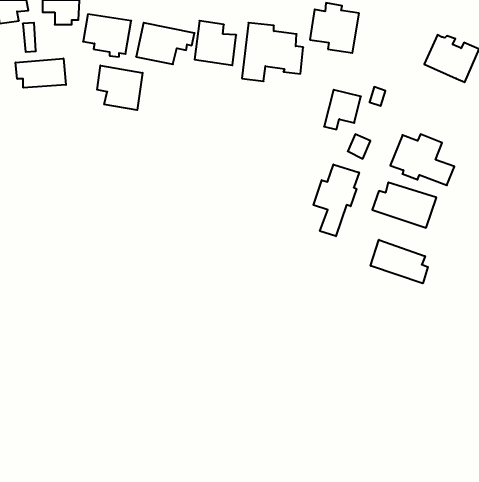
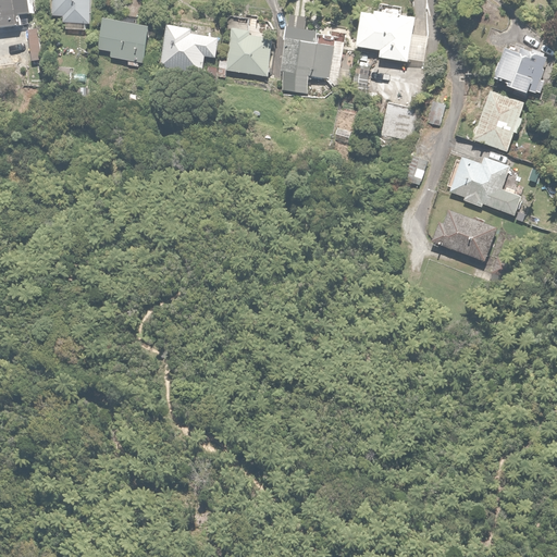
building: [16,58,66,88] -> none
building: [97,65,143,110] -> none
building: none -> [470,89,527,158]
building: [313,164,359,236] -> none
building: [371,240,428,283] -> none

